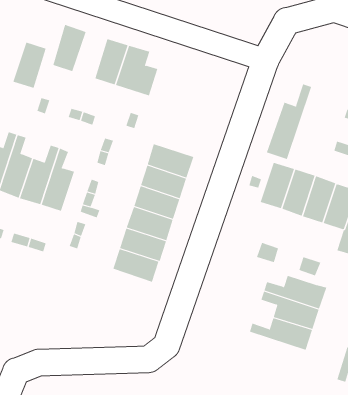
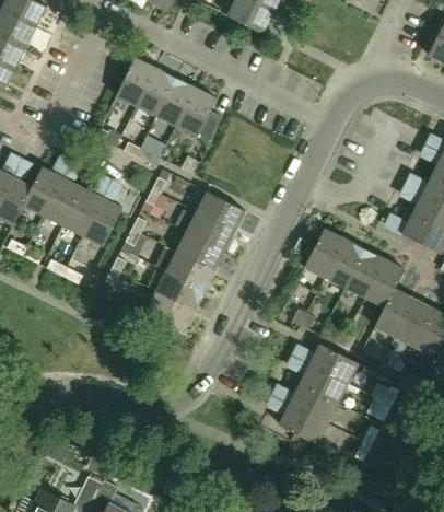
building: [12,42,46,88] -> [136,68,175,116]
building: [266,83,312,160] -> none
building: none -> [269,395,328,443]

